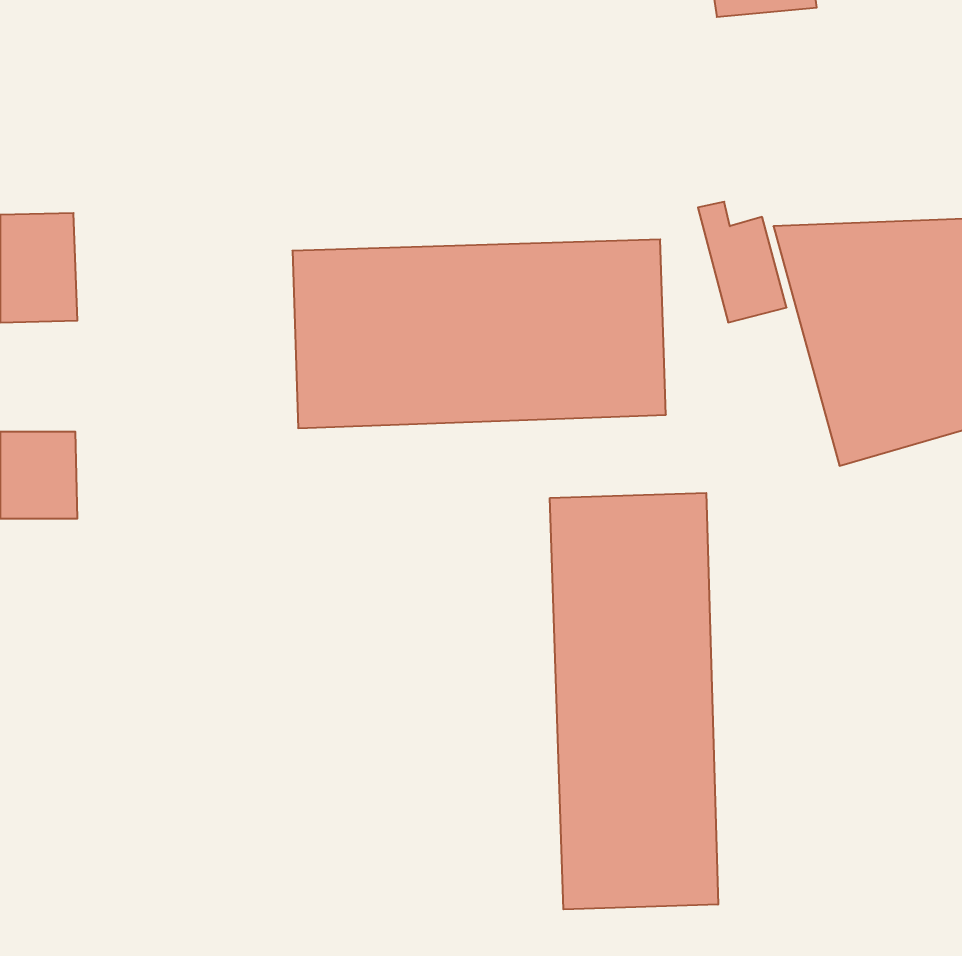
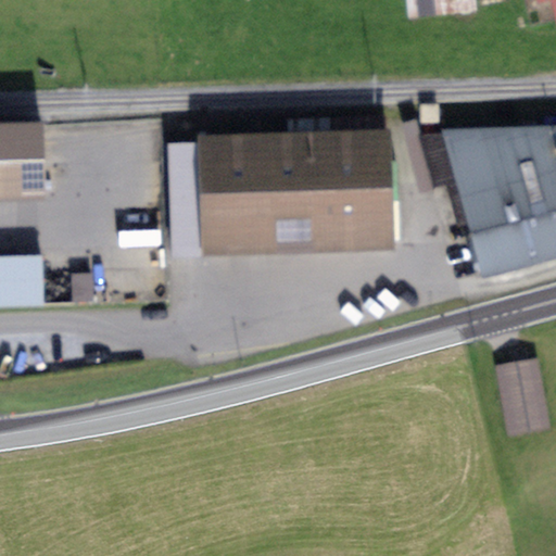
building: [550,493,718,909] -> none
building: none -> [503,362,545,427]

